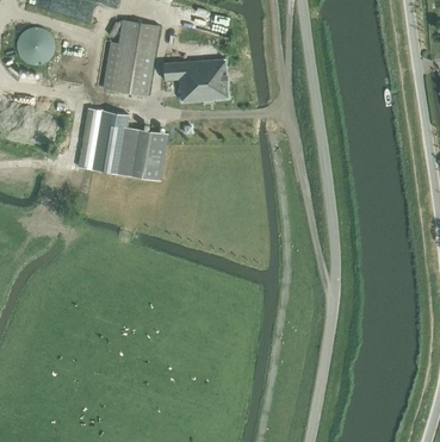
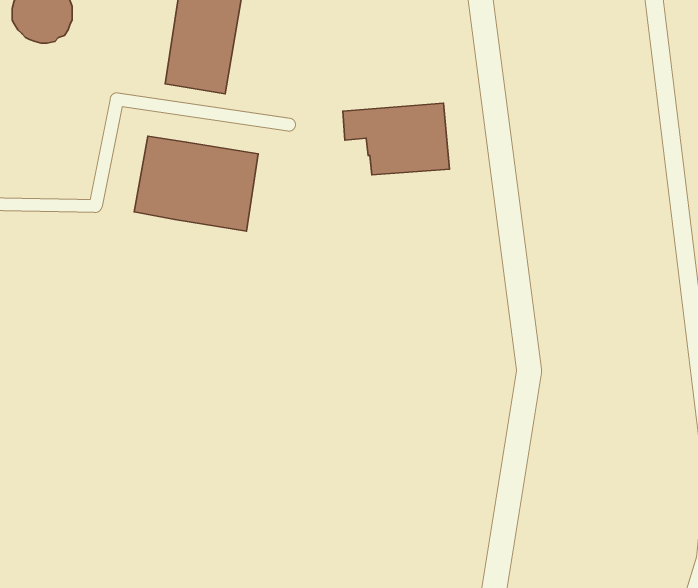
building: [162,58,228,102] -> [343,103,449,175]

